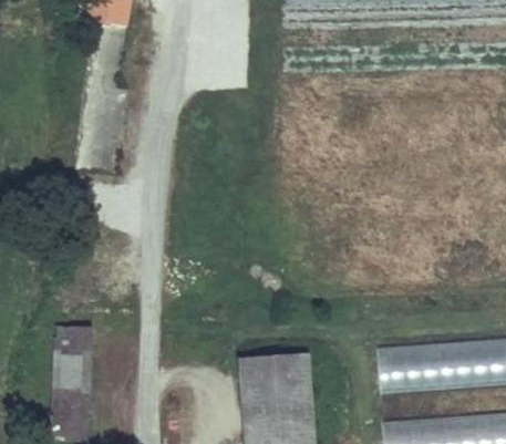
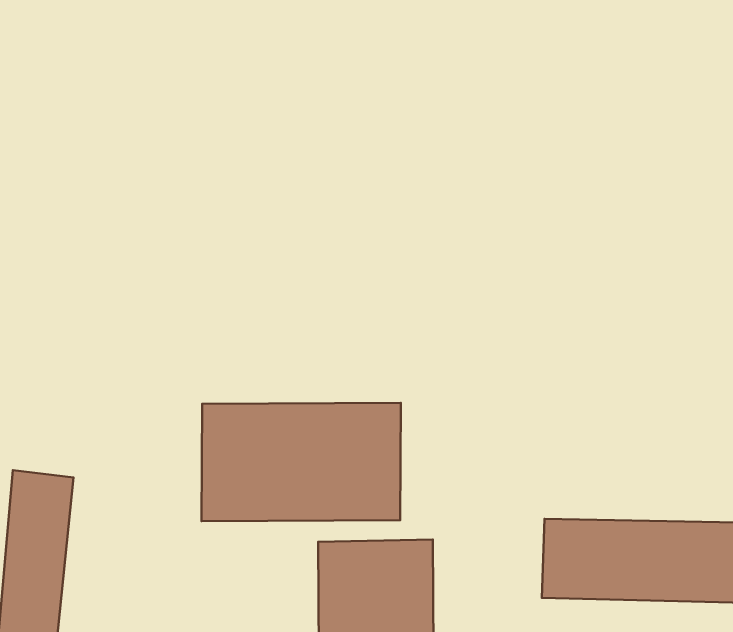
building: none -> [201,403,401,521]

